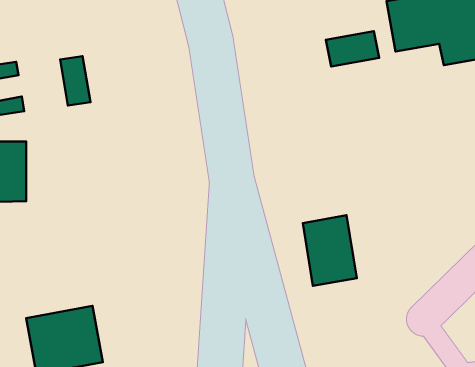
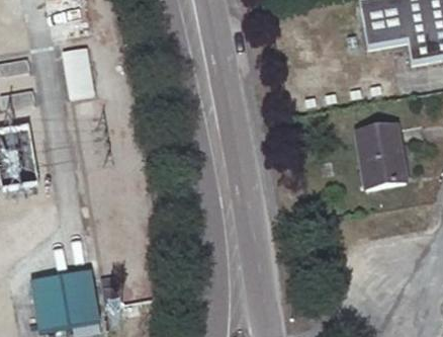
building: [326,31,379,66] -> none
building: [303,215,357,286] -> [355,121,404,185]

